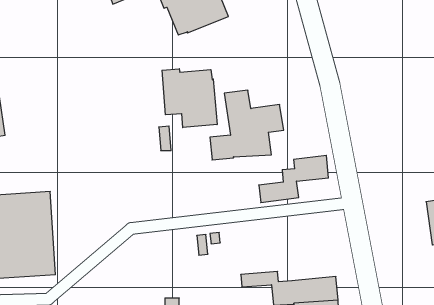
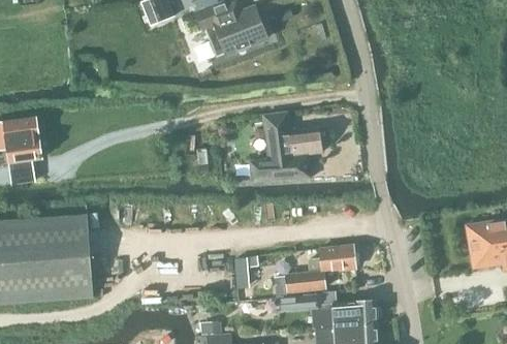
building: [162,69,217,128] -> none
building: [259,155,328,203] -> [284,246,354,293]

